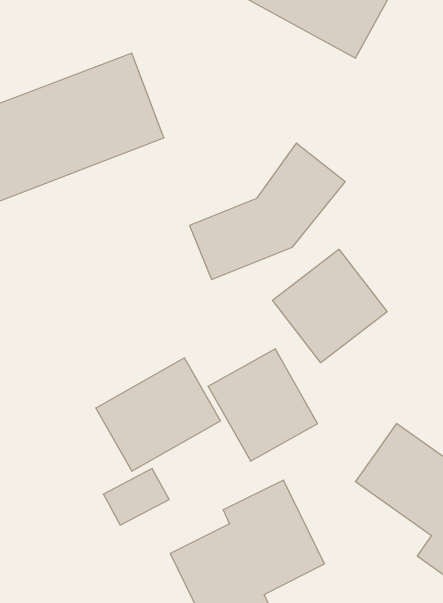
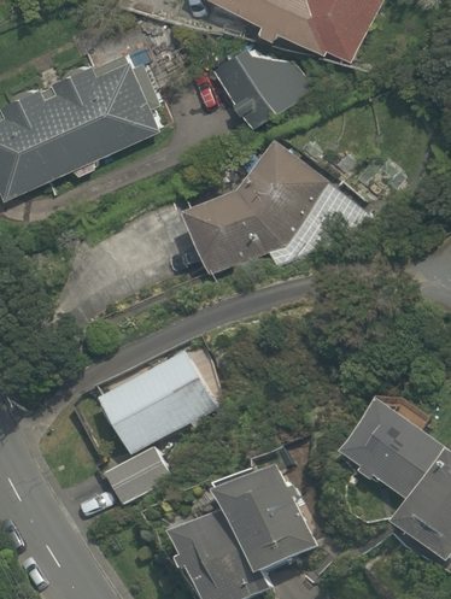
building: none -> [219,48,304,130]
building: [273,249,387,363] -> none
building: [208,349,317,461] -> none

